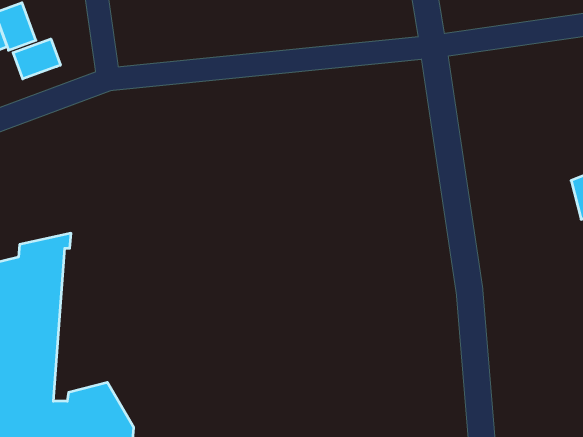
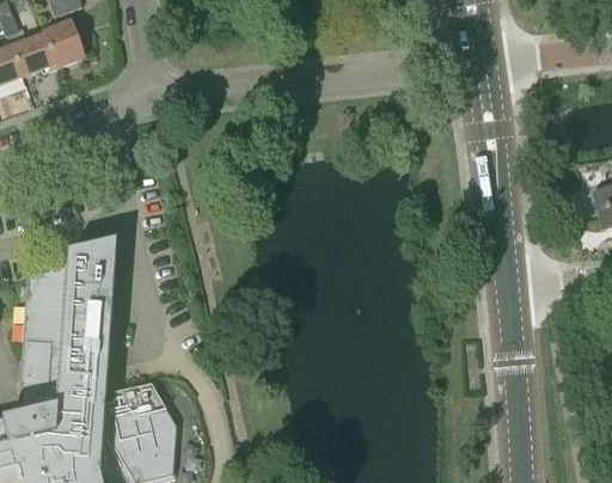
building: [13,39,60,79] -> none

